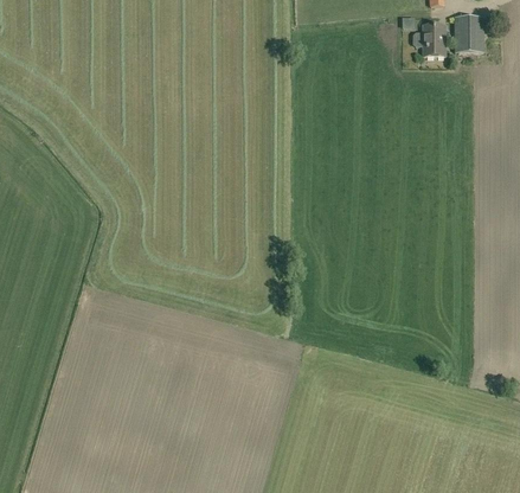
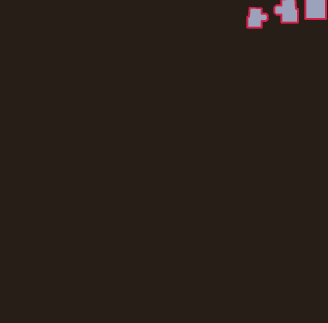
building: none -> [248,8,268,28]

